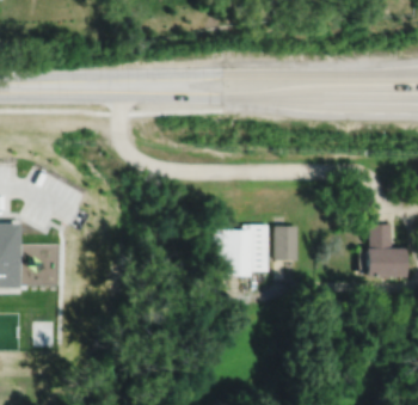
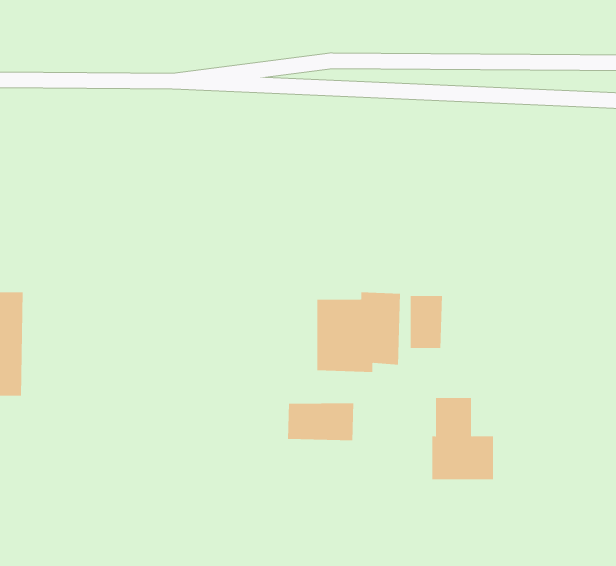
building: [365,223,406,277] -> [432,398,494,480]
building: none -> [288,403,354,441]

